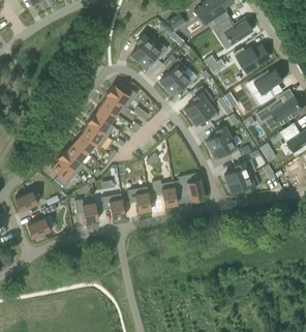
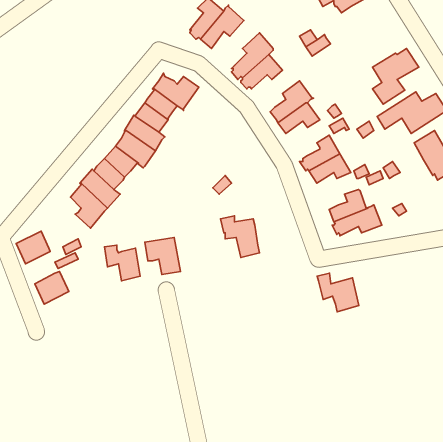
building: [233,44,269,72] -> none
building: [177,175,205,201] -> [317,273,359,312]
building: [126,186,150,212] -> none

